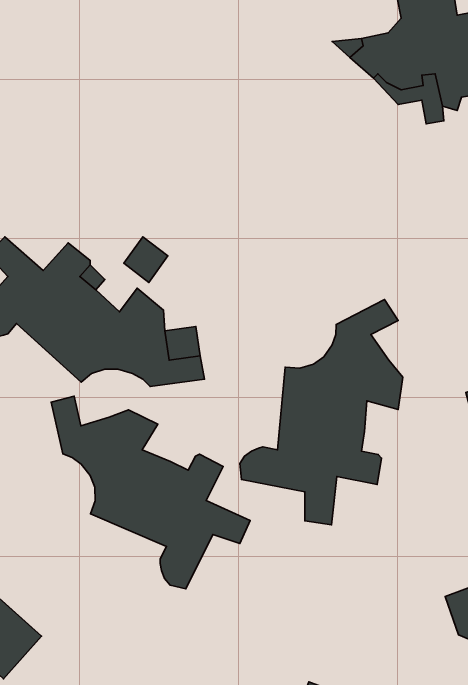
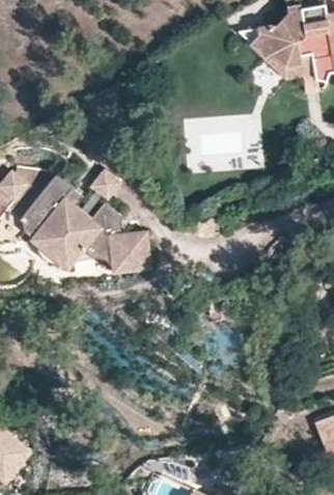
building: [240,300,403,525] -> none
building: [51,396,250,589] -> none

